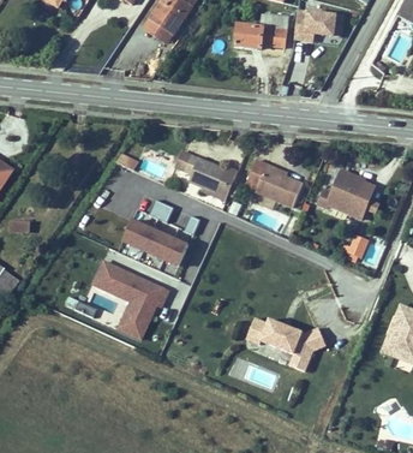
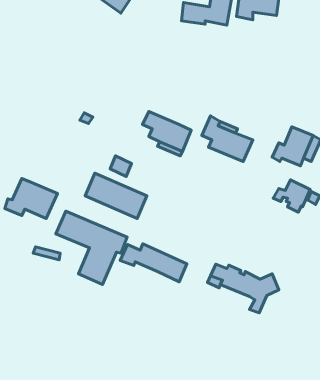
building: none -> [5,178,57,219]
building: none -> [120,244,187,282]

